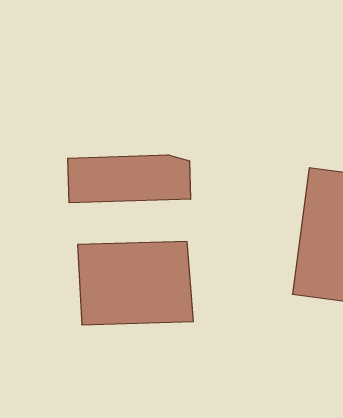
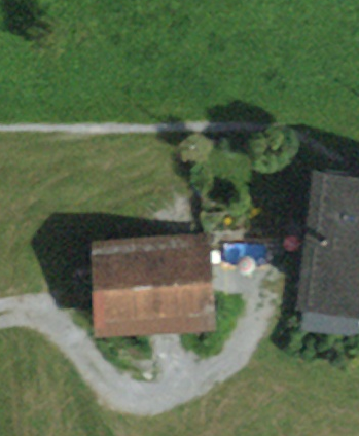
building: [68,155,191,203] -> none

